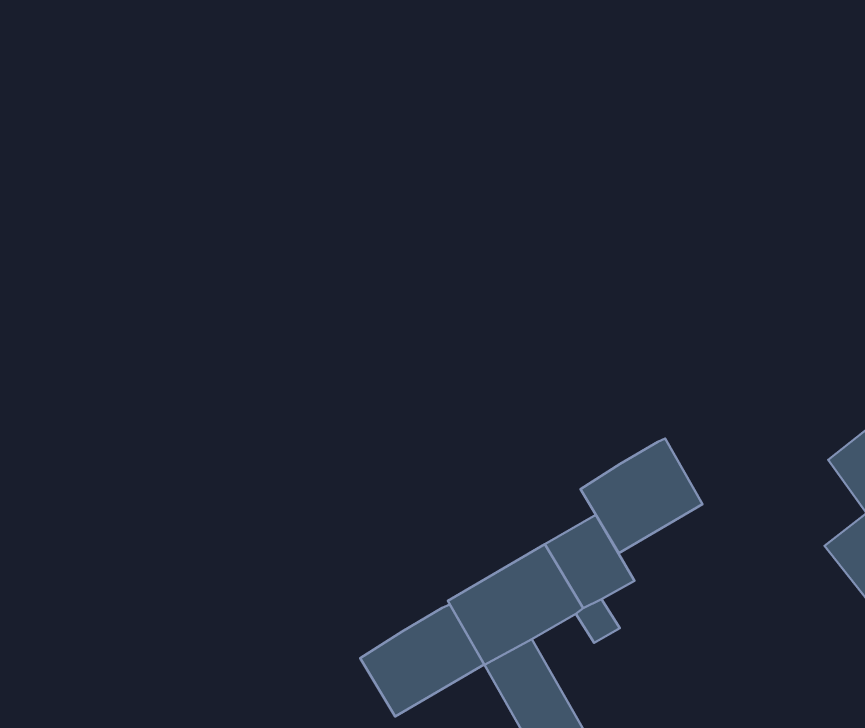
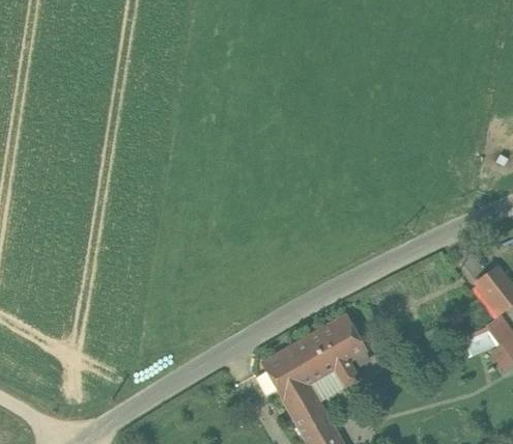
building: [581,439,703,553] -> none
building: [360,605,484,716] -> none

